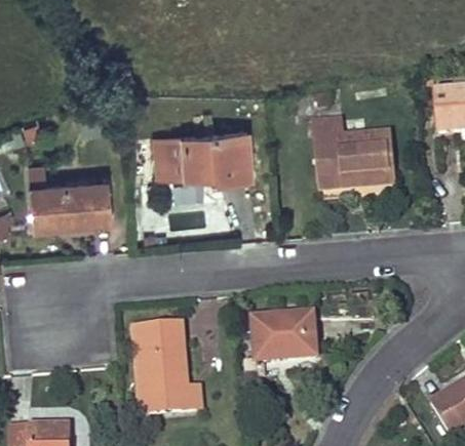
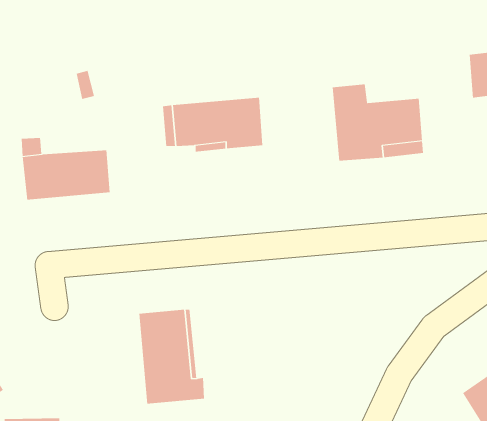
building: [255,314,316,360] -> none

